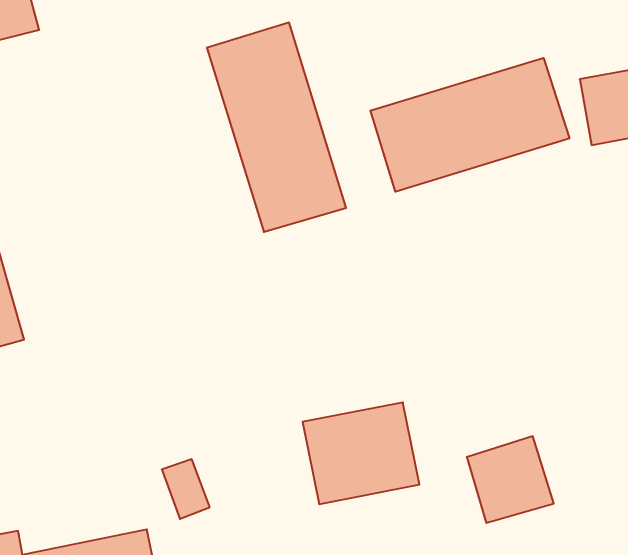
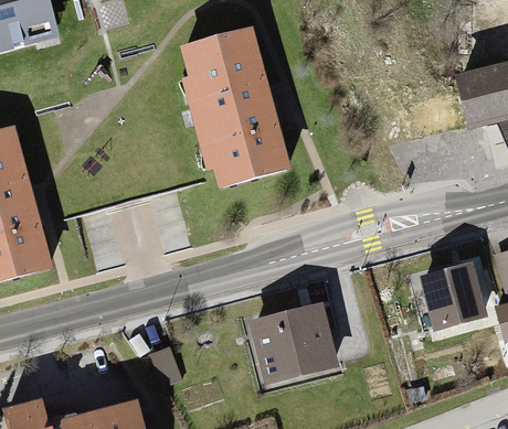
building: [371,58,569,192] -> none
building: [467,436,554,523] -> [422,261,486,325]

